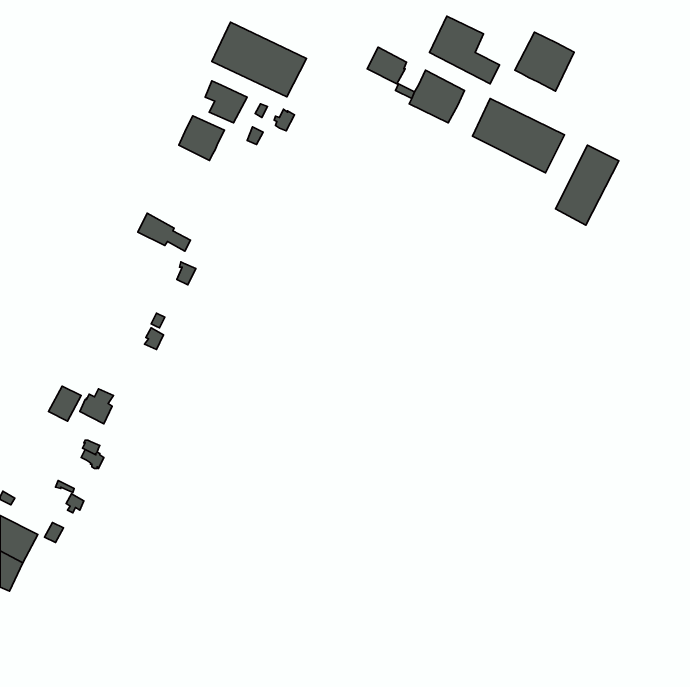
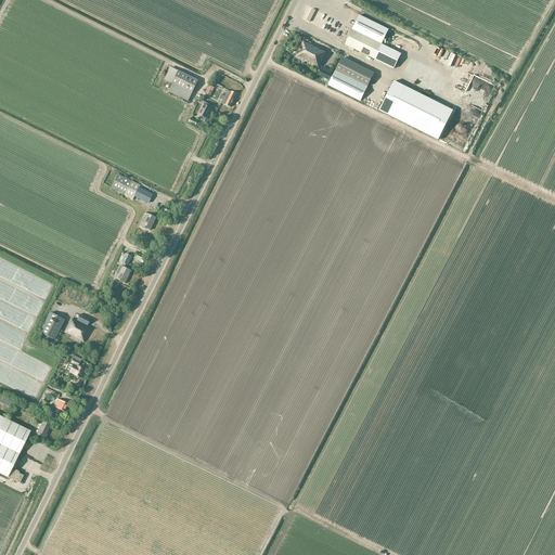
building: [212,22,306,97] -> none
building: [515,32,574,91] -> none
building: [179,116,224,160] -> none
building: [555,145,619,225] -> none

